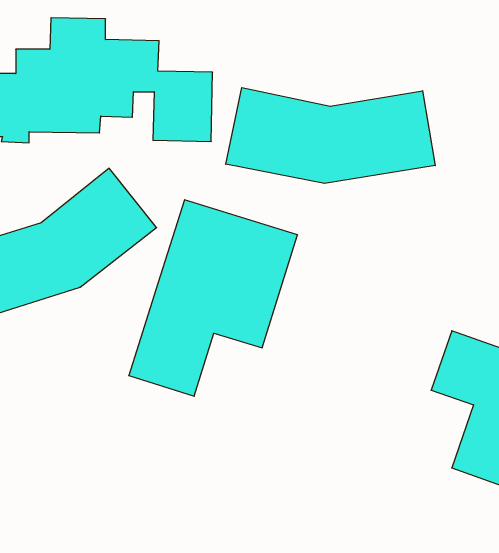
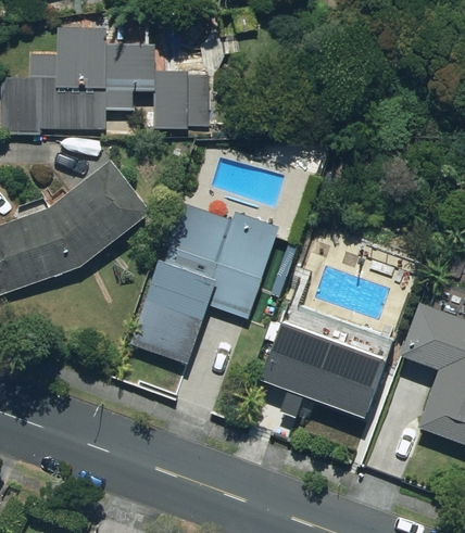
building: [226,88,435,183] -> none
building: none -> [266,301,394,422]

